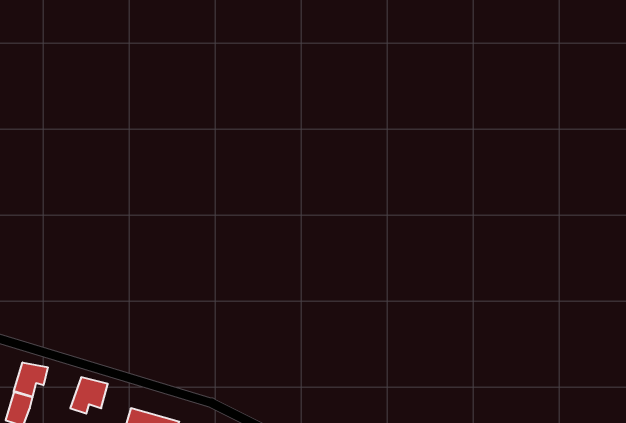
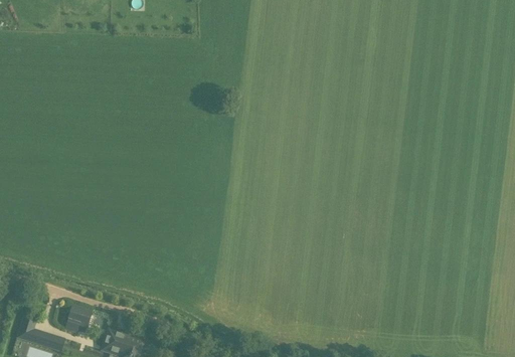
building: [14,362,48,397] -> none

